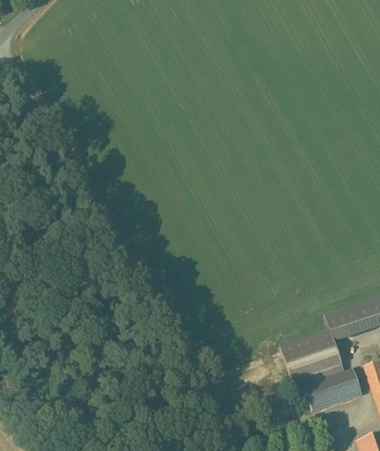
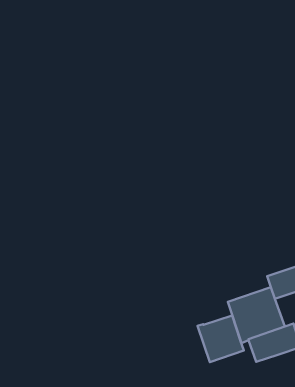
building: none -> [197,316,244,362]

